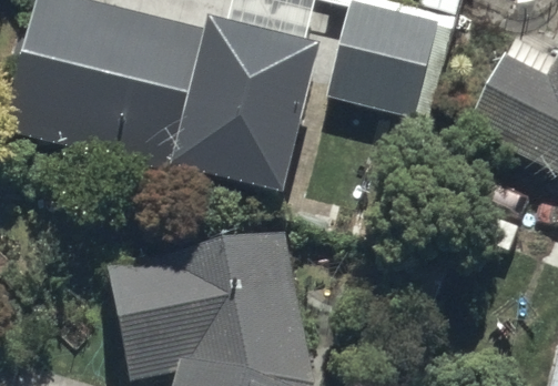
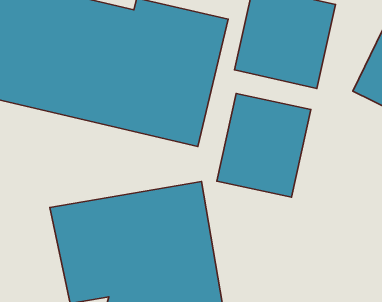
building: none -> [217,93,311,197]

